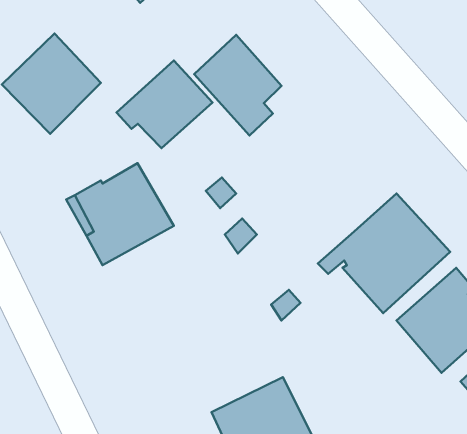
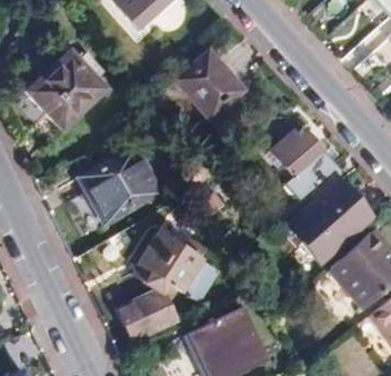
building: [116,61,213,148] -> none
building: none -> [271,130,337,200]
building: none -> [113,231,218,339]

